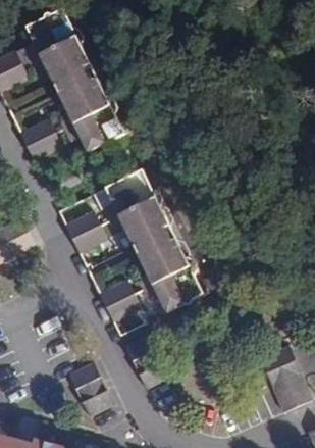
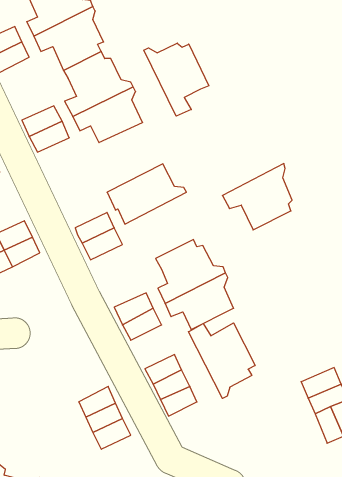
building: none -> [144,43,209,116]
building: [109,195,169,252] -> [222,164,292,230]
building: none -> [188,323,255,398]

